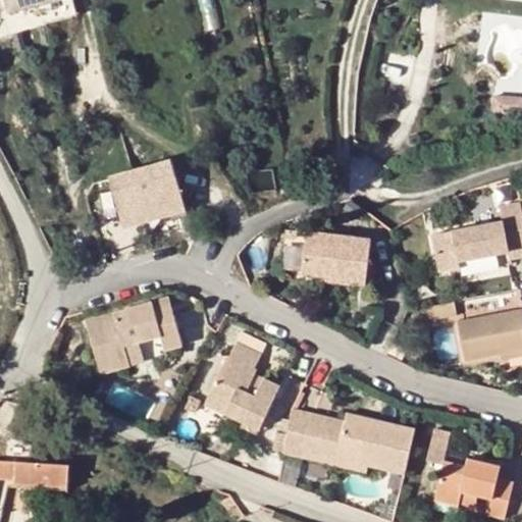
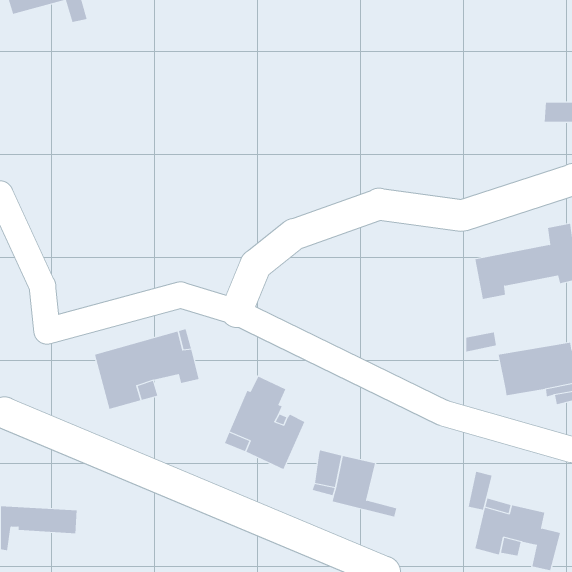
building: [108,160,184,224] -> none
building: [303,230,373,282] -> none
building: [334,413,415,472] -> none

